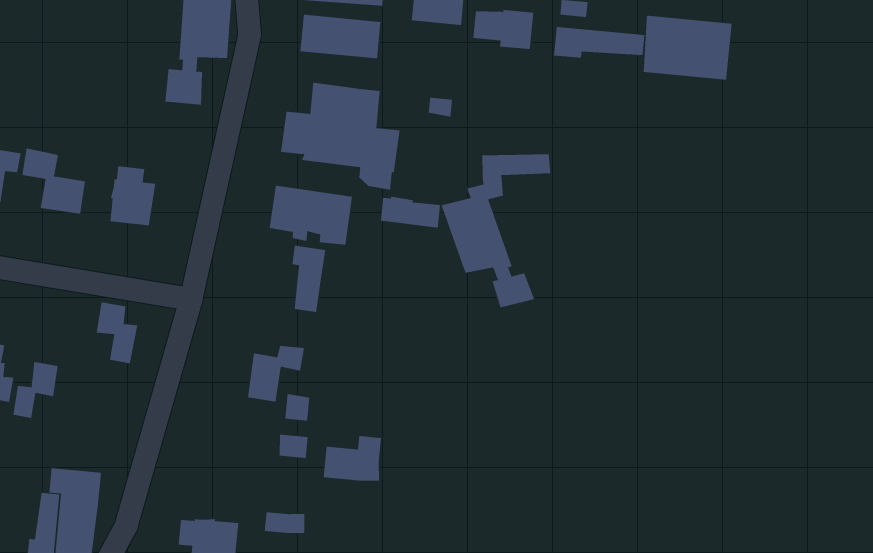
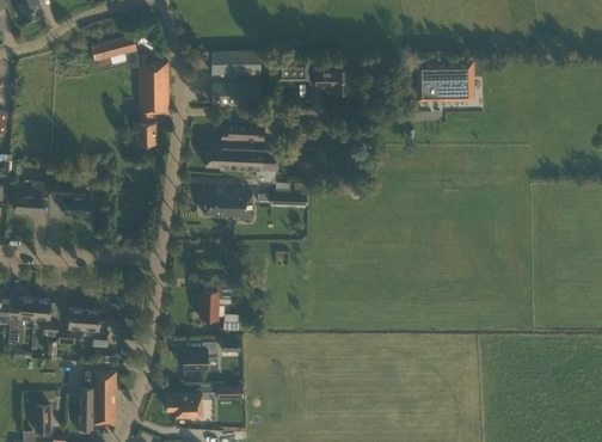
building: [554,26,645,59] -> none
building: [441,153,551,308] -> none
building: [110,166,156,226] -> none
building: [292,245,326,313] -> none
building: [96,302,138,364] -> [82,311,108,346]
building: [323,435,382,481] -> [183,343,217,370]

